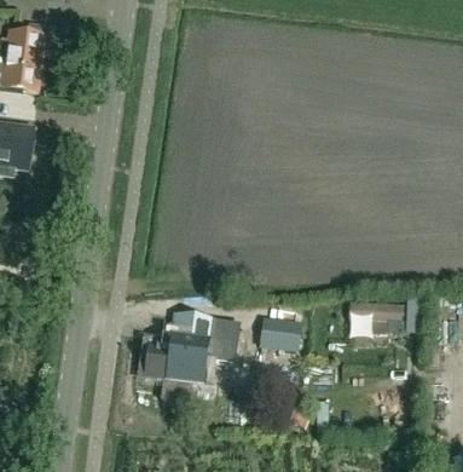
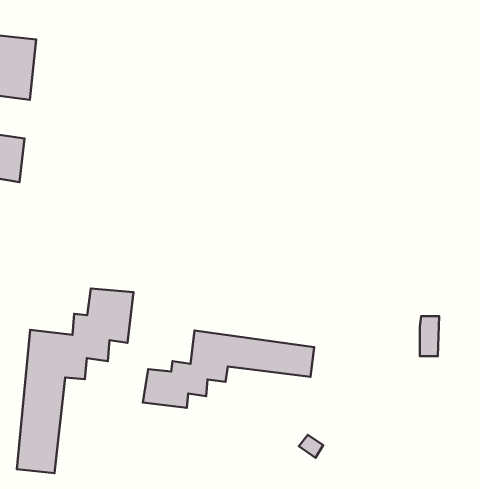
building: none -> [17,289,133,473]
building: [347,306,397,336] -> none

